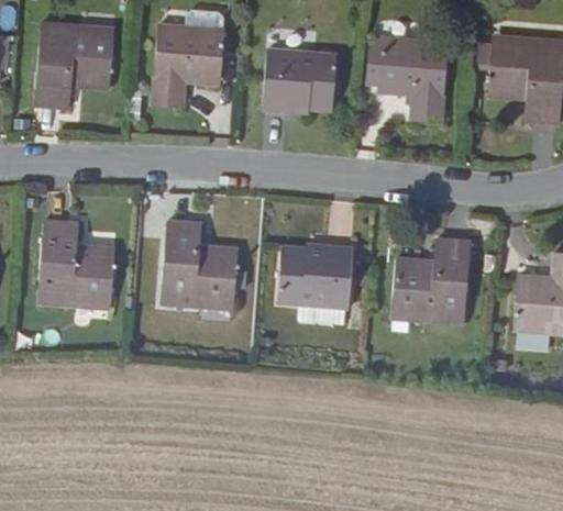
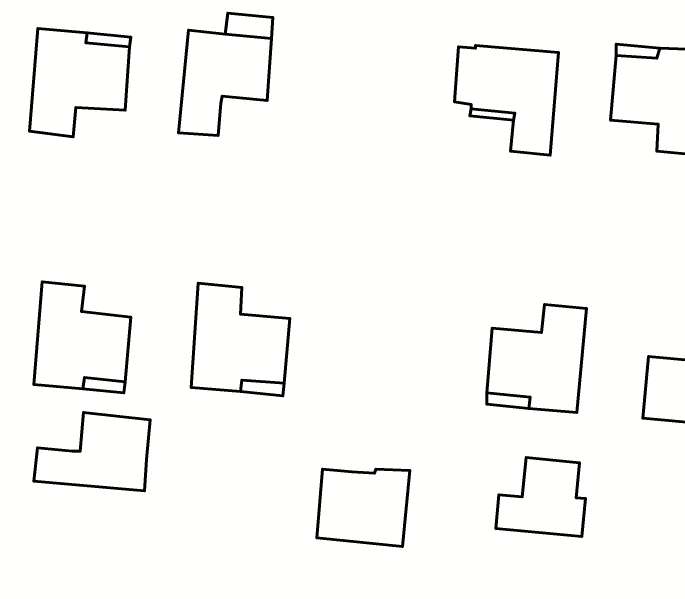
building: [264,49,336,111] -> none
building: [280,247,353,308] -> [317,469,410,546]
building: none -> [34,413,150,491]
building: none -> [496,458,586,536]

